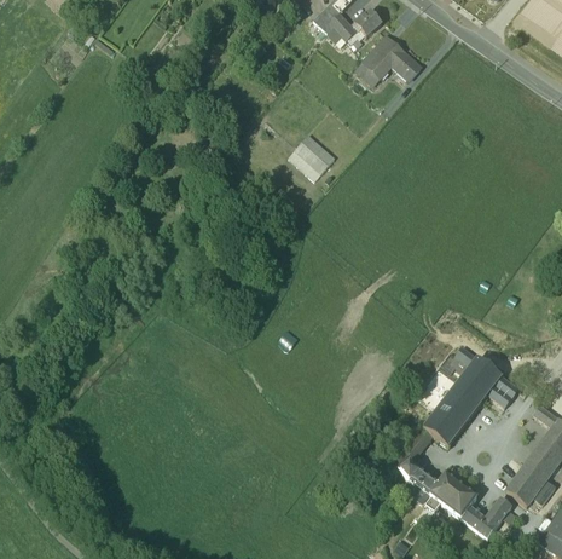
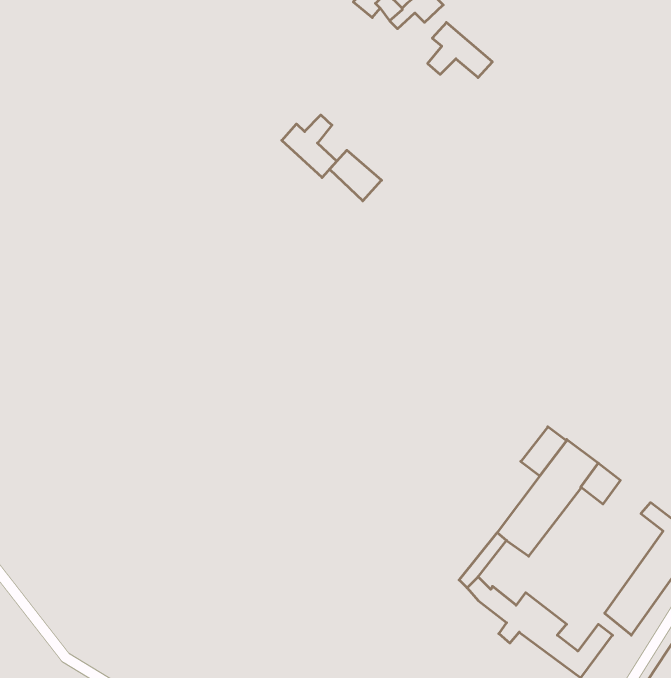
building: none -> [282,115,337,178]

